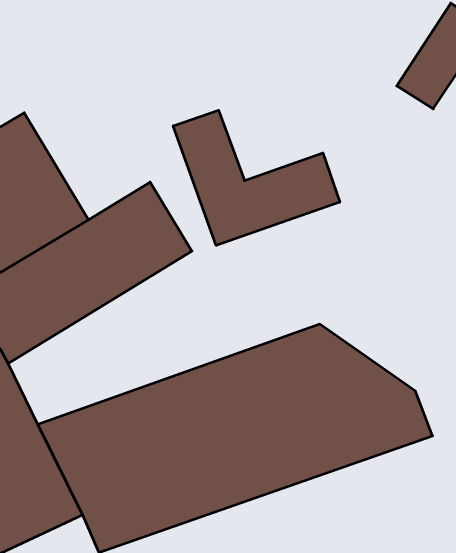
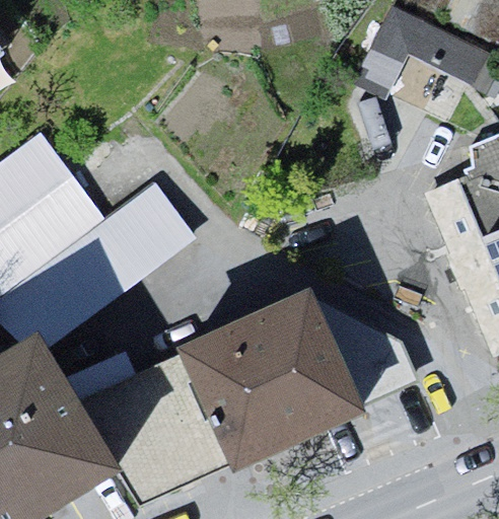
building: [173,110,340,245] -> none

